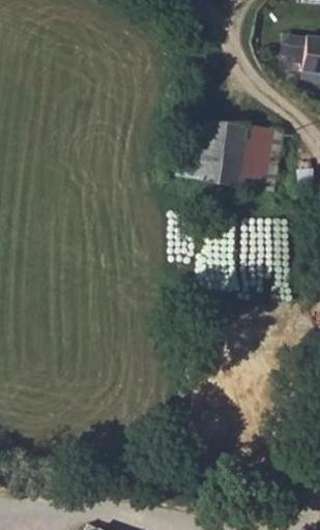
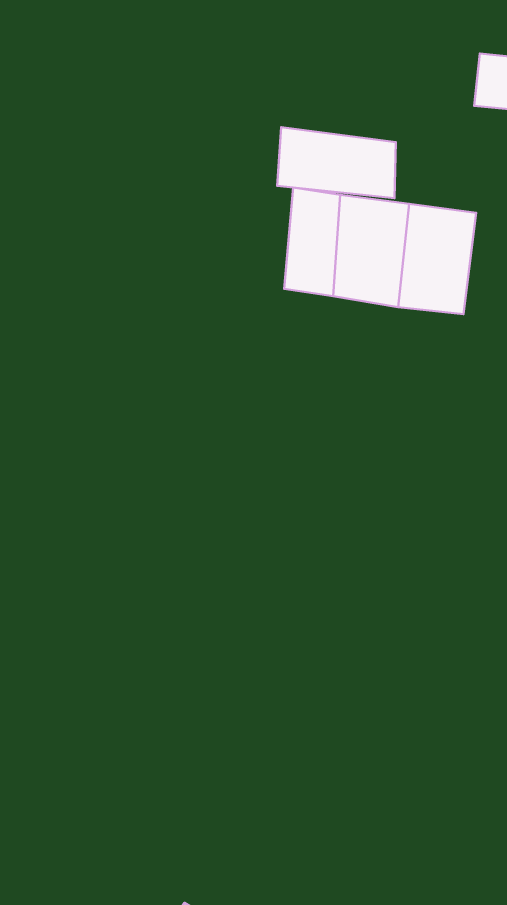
building: none -> [277,127,396,198]

